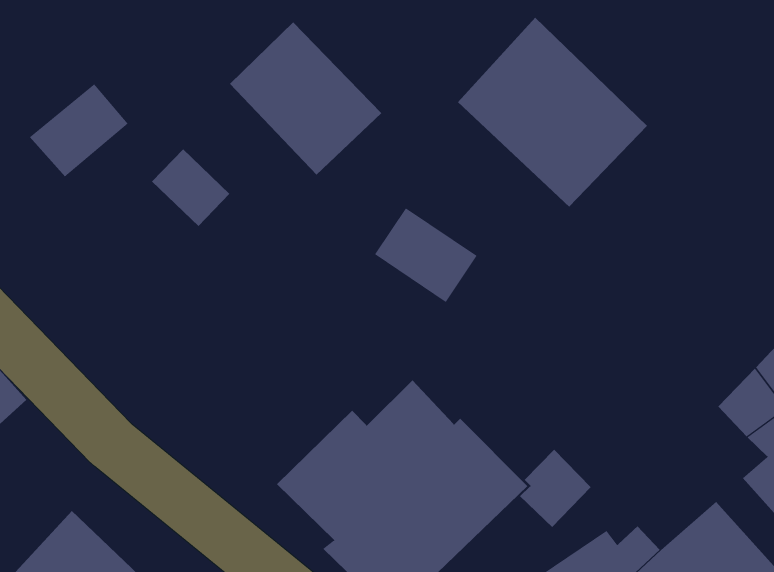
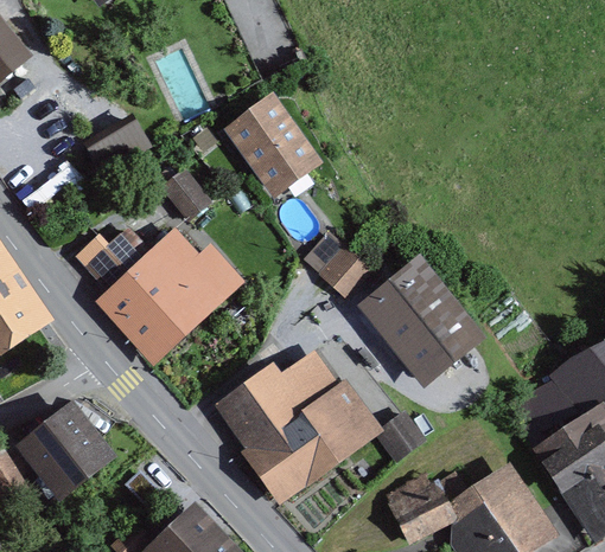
building: [457,17,648,208] -> [358,255,485,387]
building: none -> [84,226,248,367]

